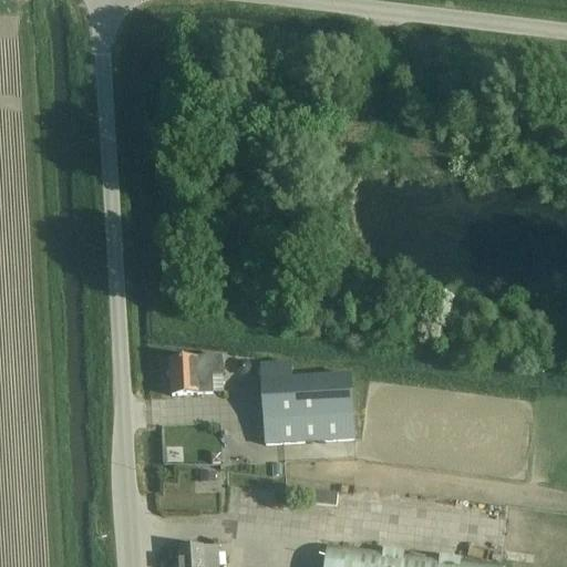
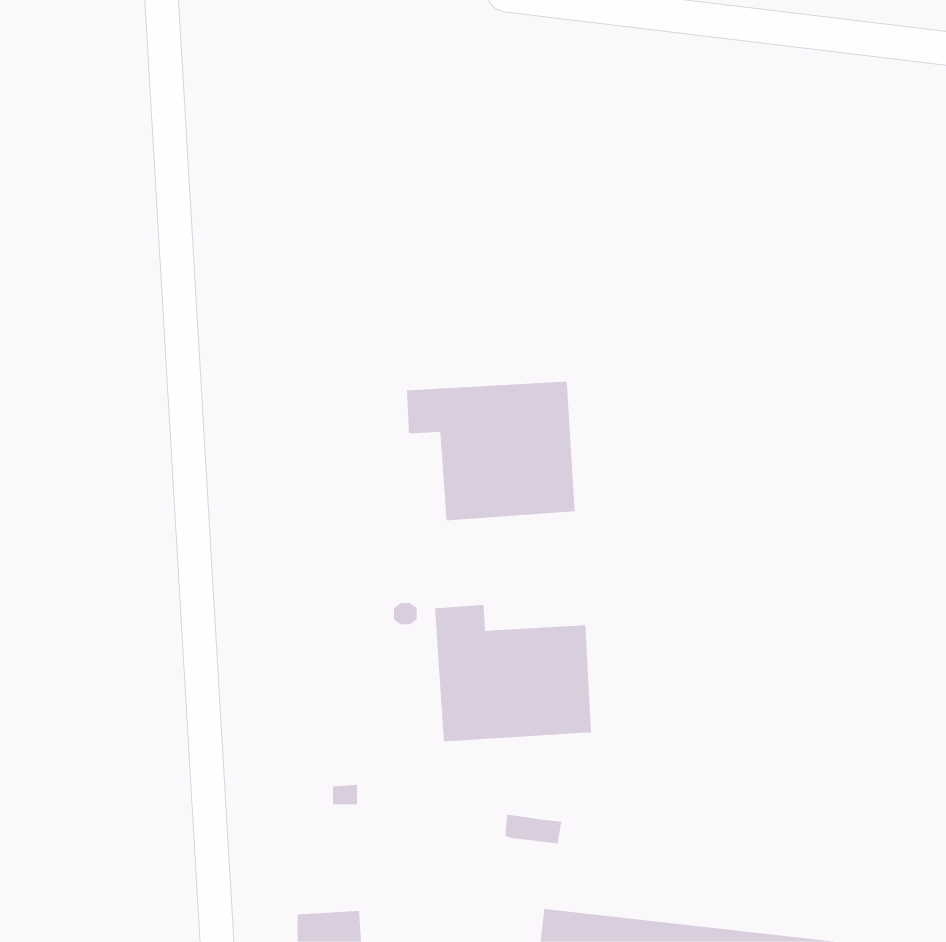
building: none -> [406,381,575,521]
building: [167,355,223,393] -> none

